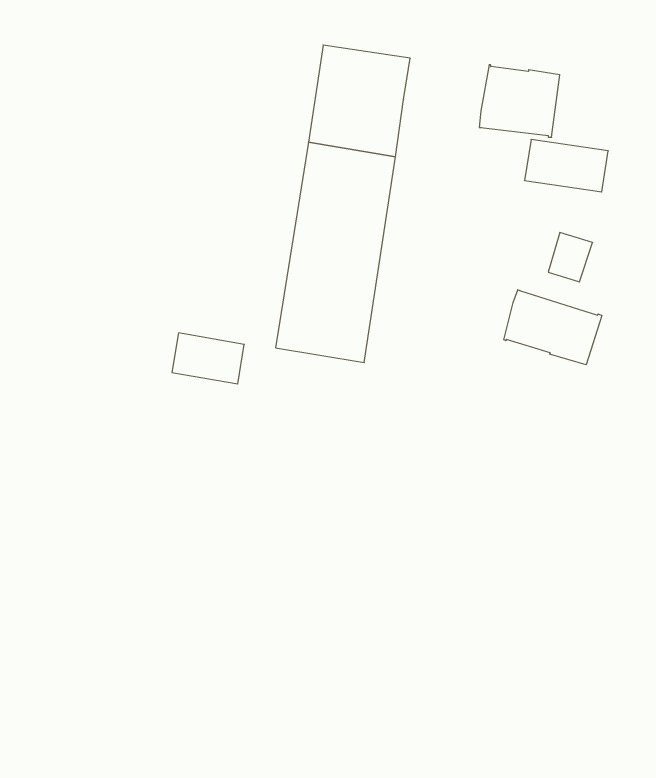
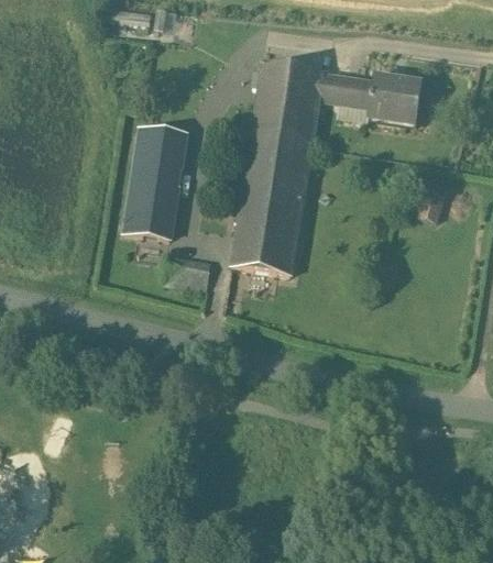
building: none -> [124,125,186,238]
building: [524,139,608,192] -> [318,71,374,107]
building: [504,290,602,365] -> none

